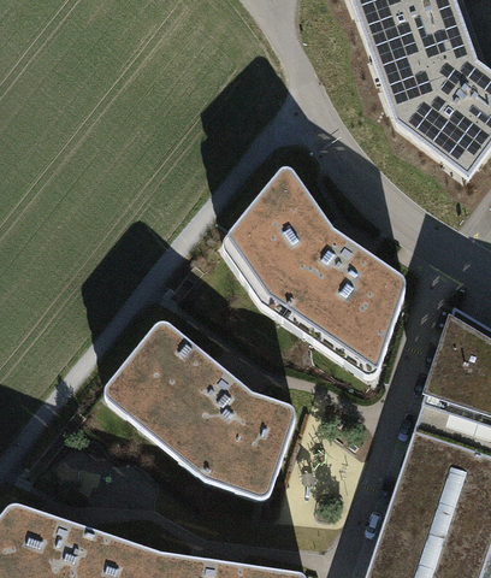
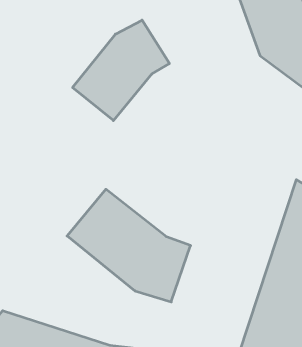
building: none -> [73,20,169,121]
building: [225,165,408,374] -> none

